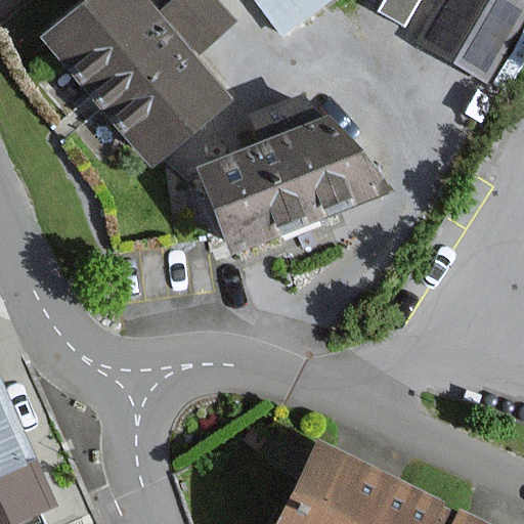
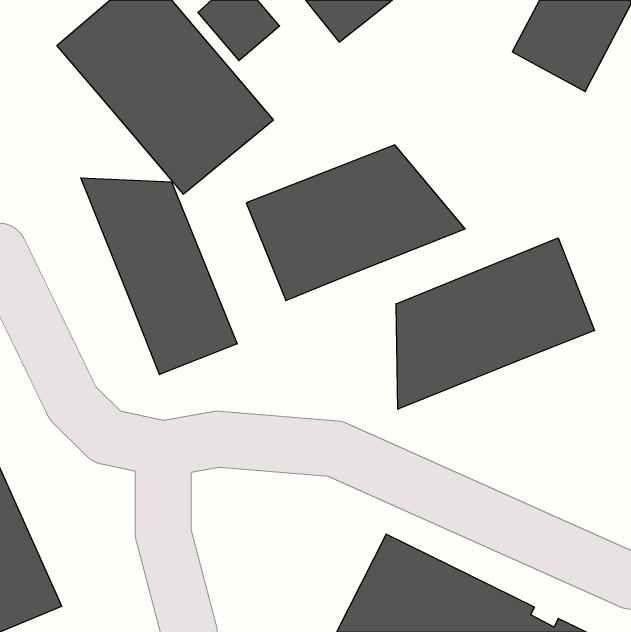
building: none -> [81,178,237,375]
building: none -> [396,238,595,409]

